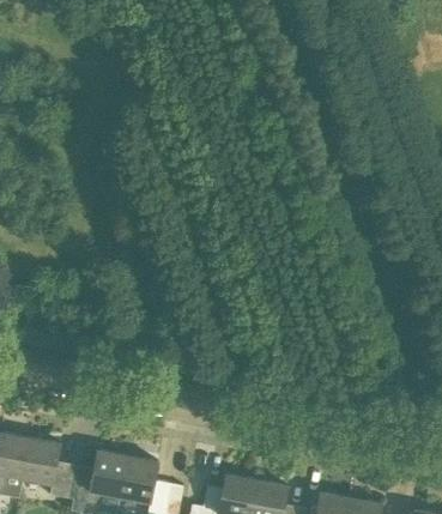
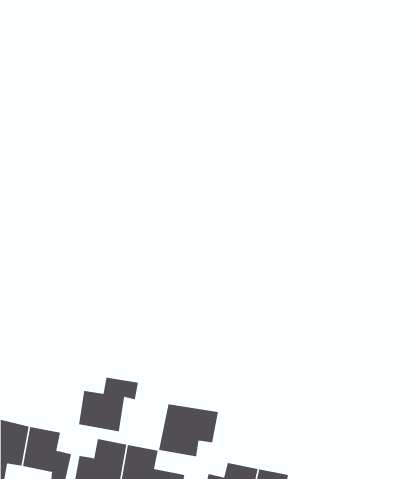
building: none -> [78,377,139,432]
building: none -> [159,403,219,457]

